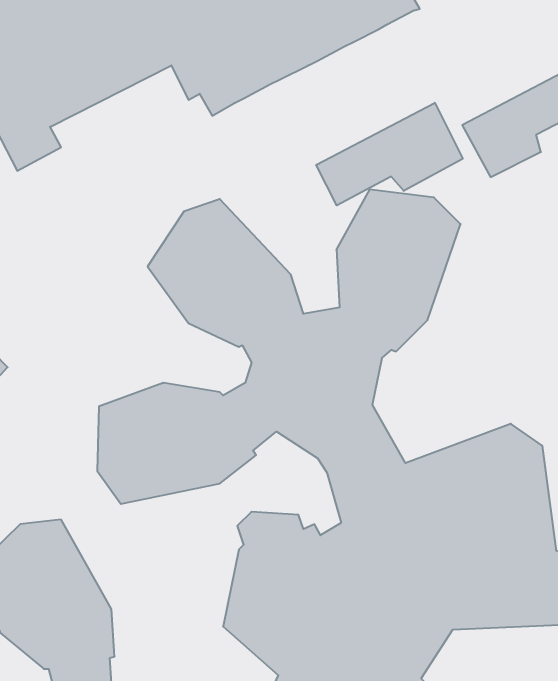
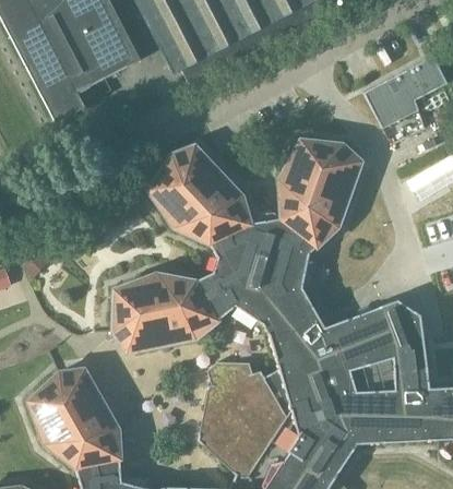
building: [316,103,463,205] -> none

